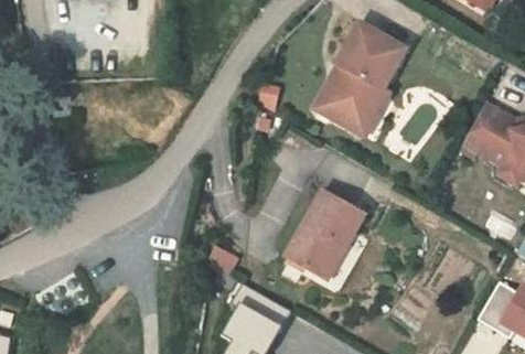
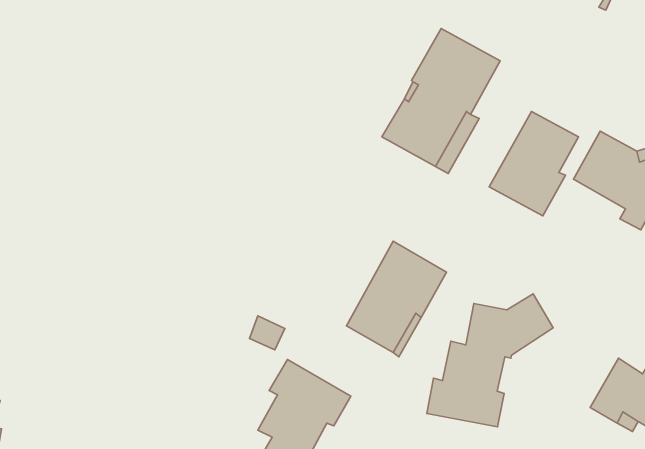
building: none -> [489,111,578,216]
building: none -> [427,294,553,427]

